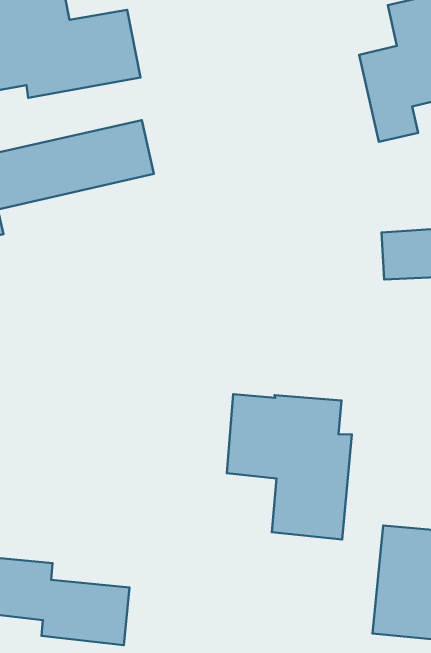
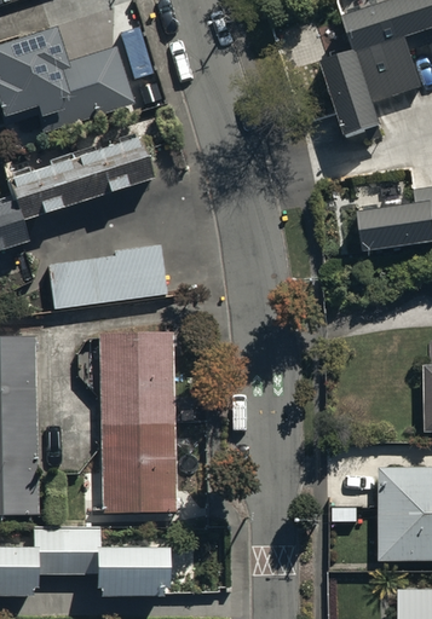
building: none -> [46,243,165,308]
building: none -> [98,331,174,509]
building: [227,394,352,539] -> none

